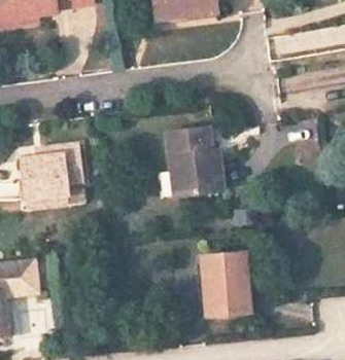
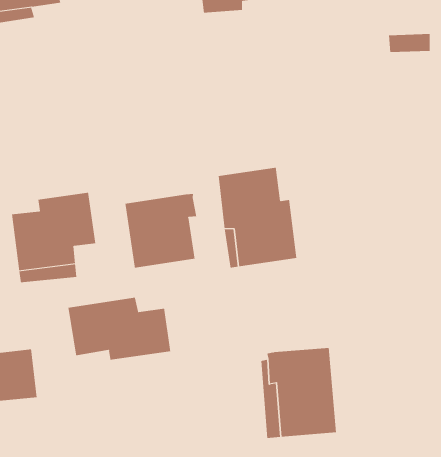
building: none -> [125,193,197,269]
building: none -> [68,297,171,360]

